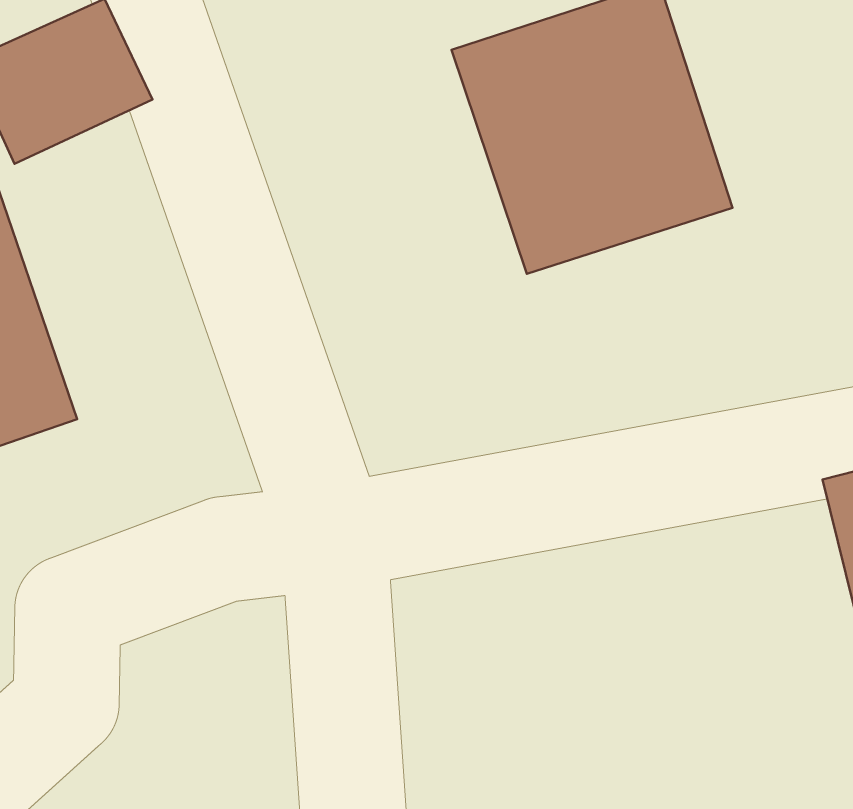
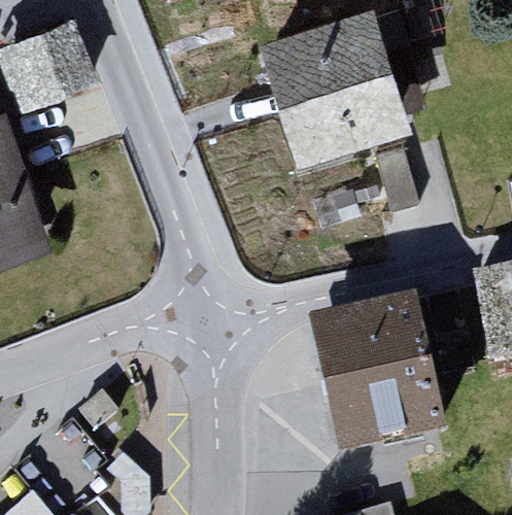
building: none -> [307,305,447,459]

